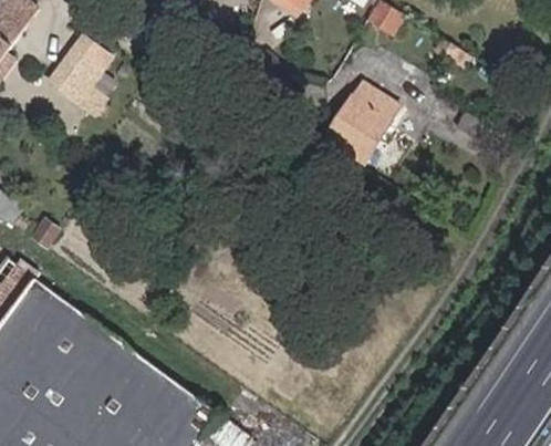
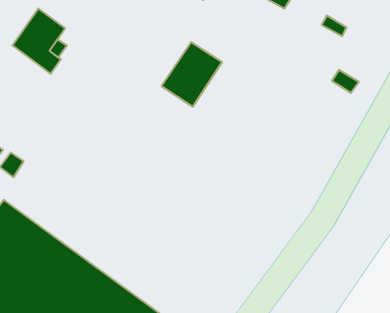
building: [322,81,399,164] -> [162,42,222,107]

